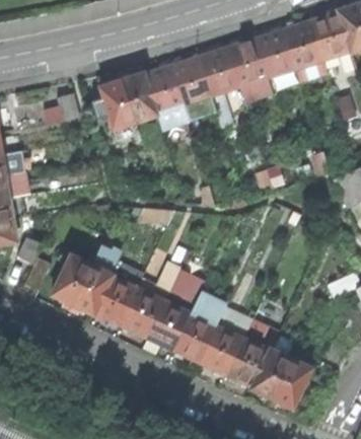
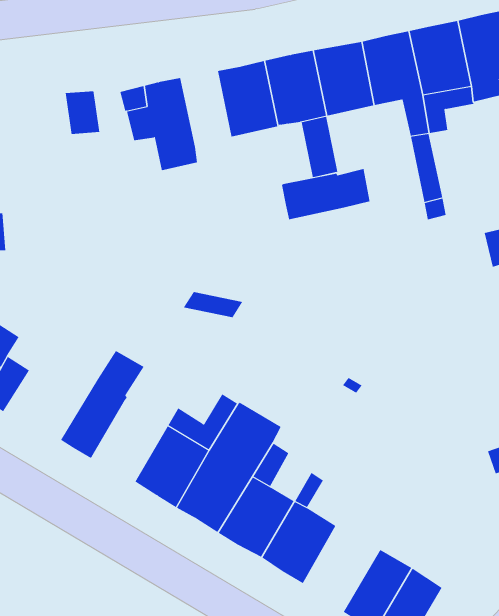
building: [123,73,156,121] -> none
building: none -> [281,168,370,220]
building: [53,254,91,303] -> none
building: [93,276,136,323] -> none
building: [226,318,278,386] -> none

